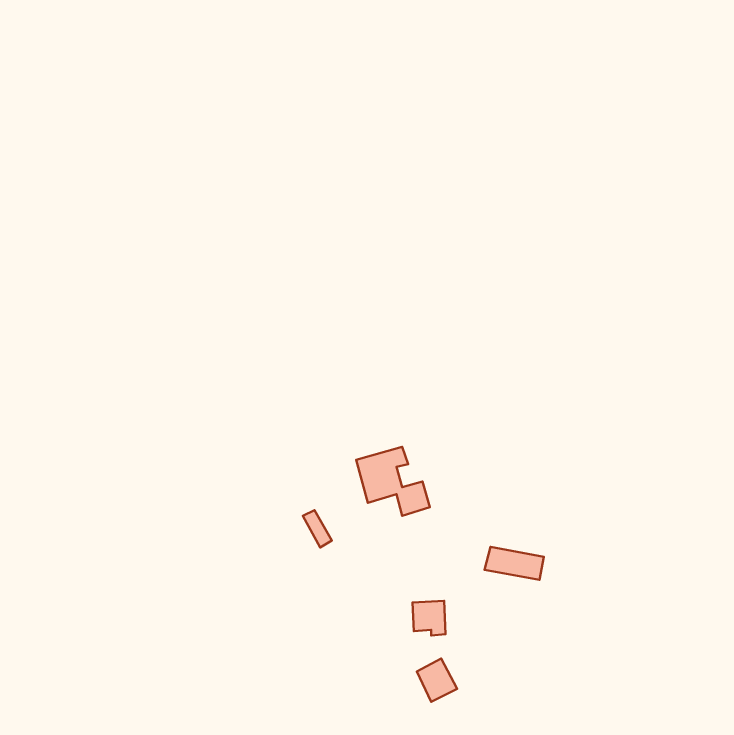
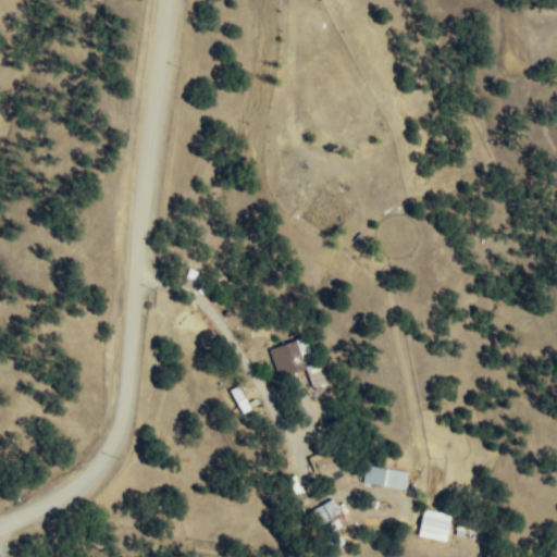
building: [485,547,544,580] -> [364,466,409,491]
building: none -> [419,510,451,542]

